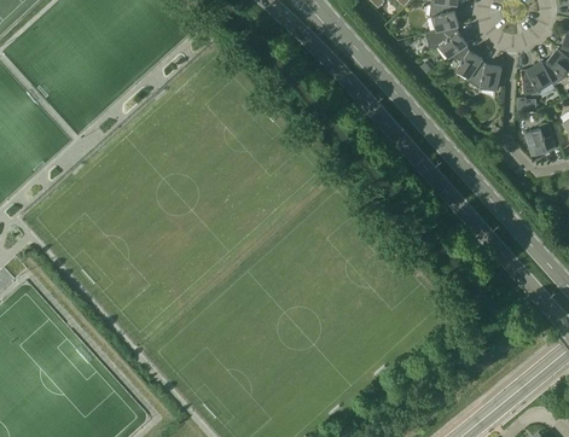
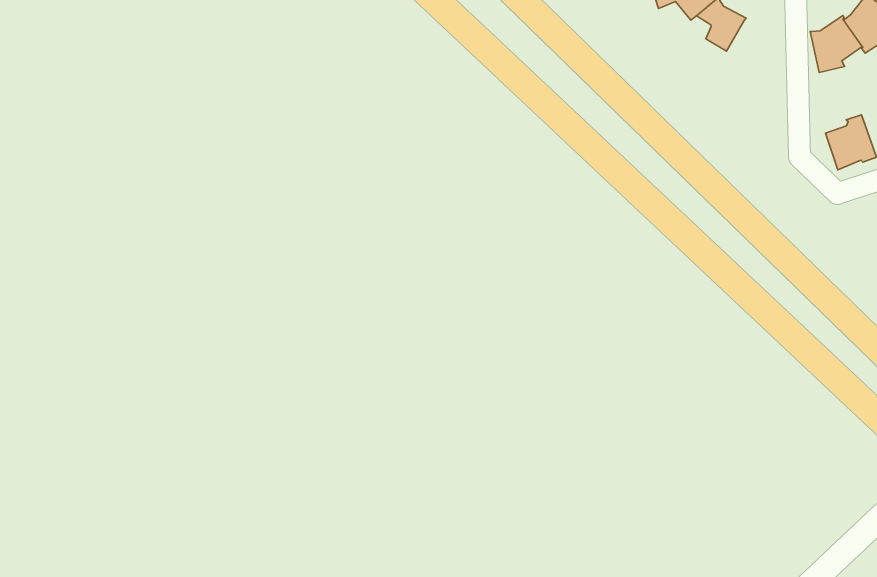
building: [466,59,501,89] -> none

